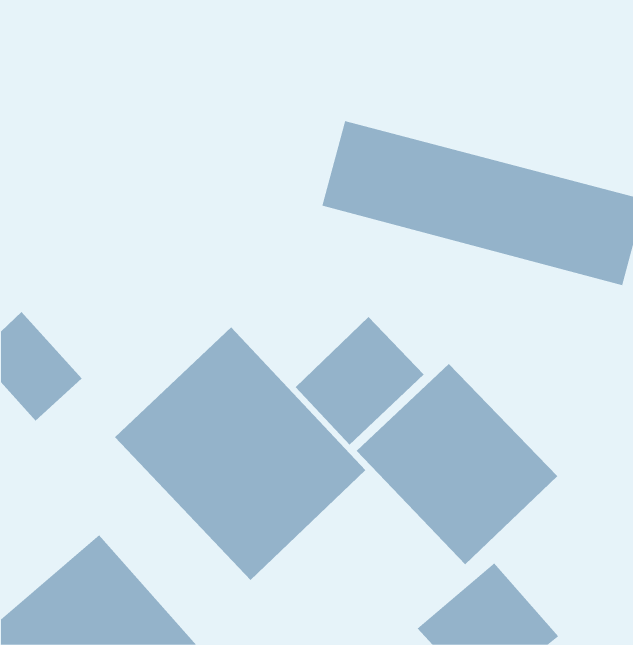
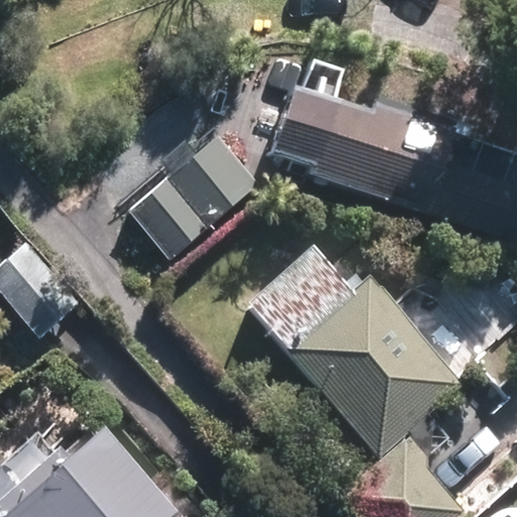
building: none -> [138,138,257,252]
building: [114,327,366,581] -> none

